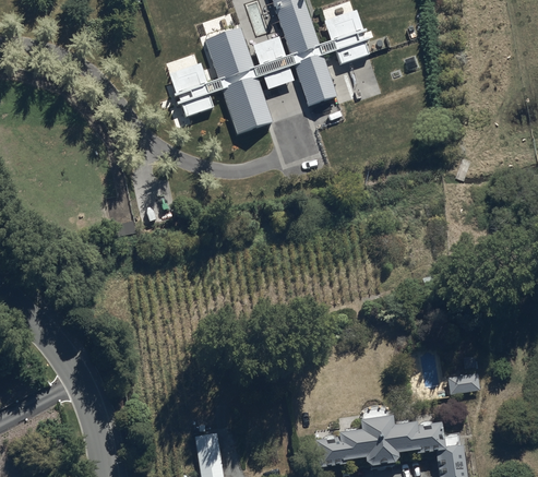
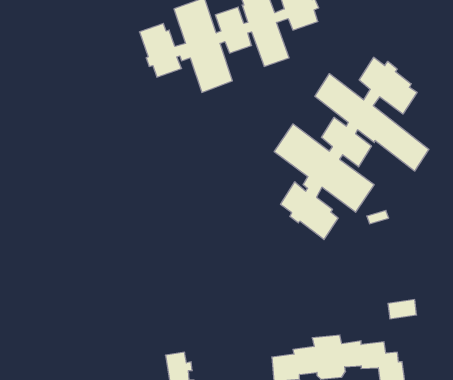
building: none -> [274,57,429,240]

